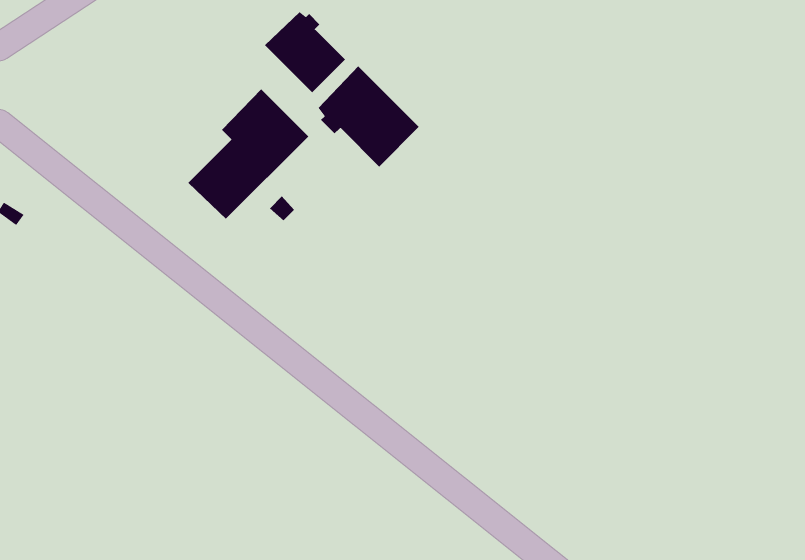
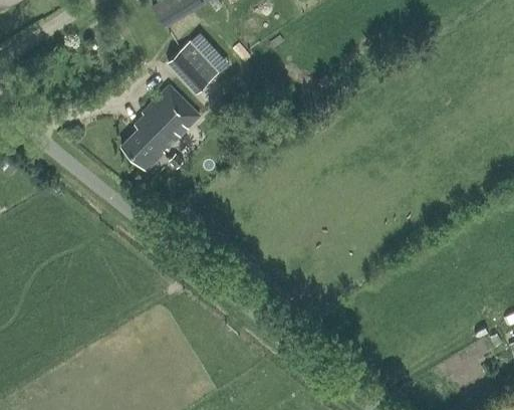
building: [318,66,420,167] -> none

